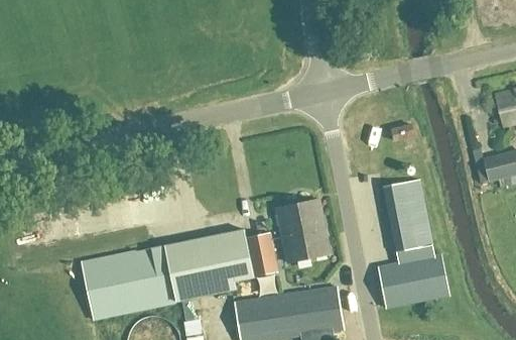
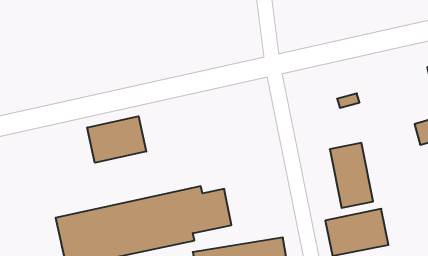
building: none -> [87,116,146,163]
building: [277,199,328,260] -> none

